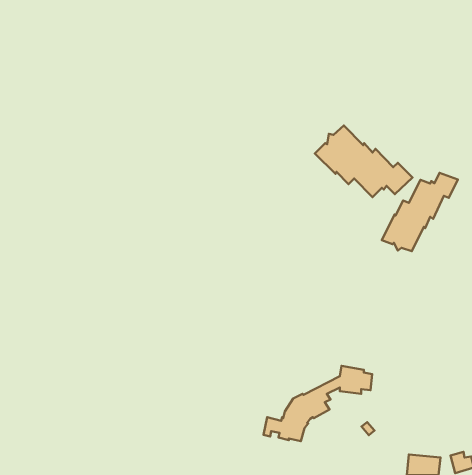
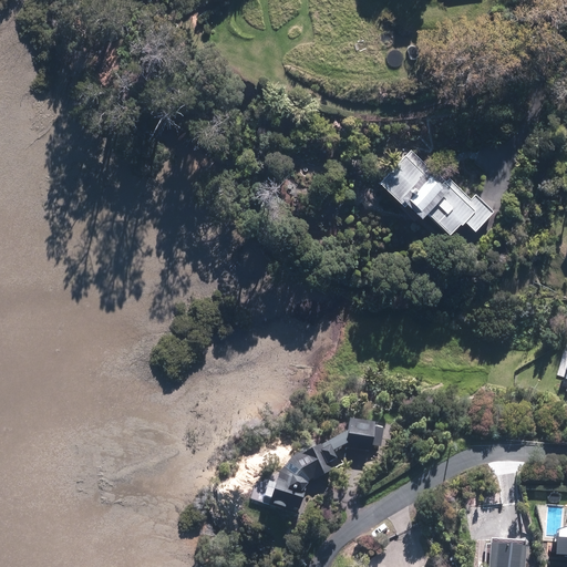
building: [382,173,458,251] -> none
building: [264,366,372,441] -> [255,416,384,506]

